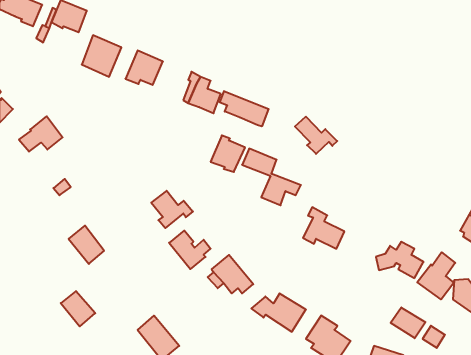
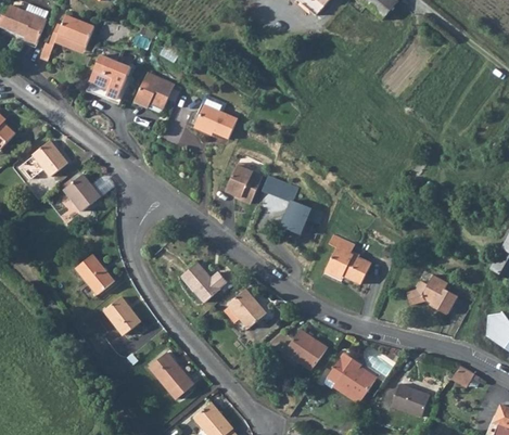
building: [220,91,269,126] -> none
building: [295,117,337,154] -> none
building: none -> [62,174,100,210]
building: [151,191,193,228] -> none
building: [417,252,455,299] -> none
building: [61,291,95,326] -> [102,299,139,337]
building: [391,307,425,338] -> none

